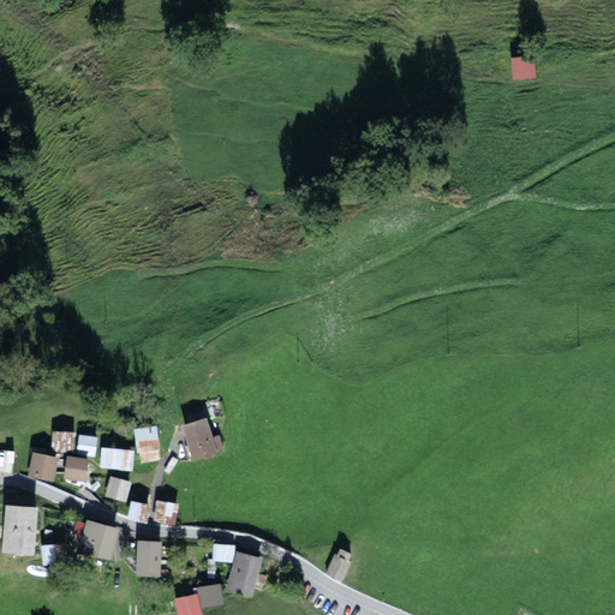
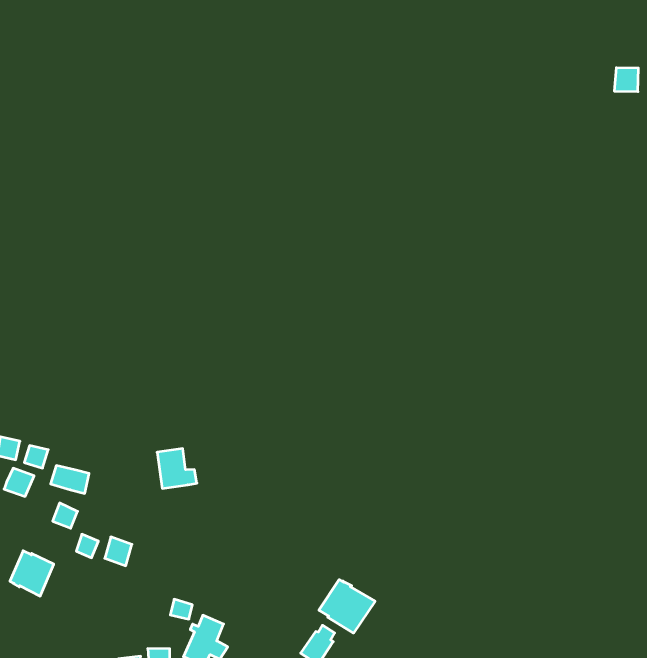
building: [136,428,157,460] -> none
building: none -> [319,580,375,633]
building: [138,541,159,574] -> none

